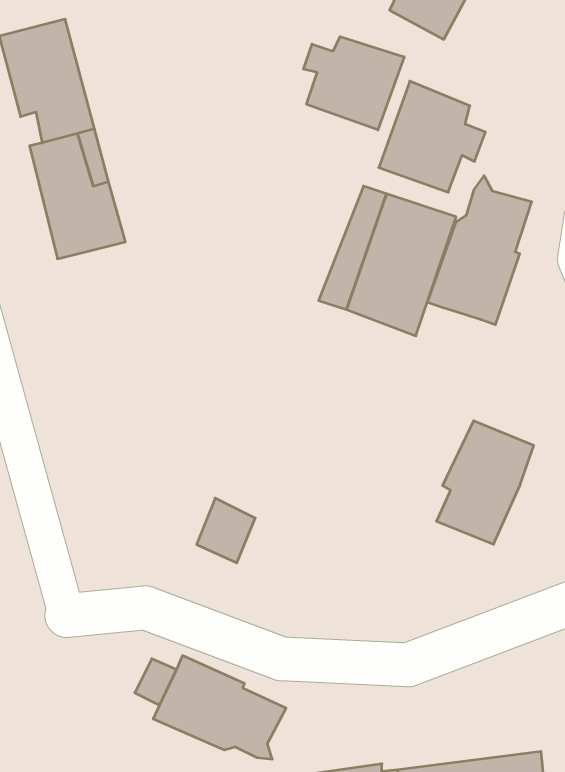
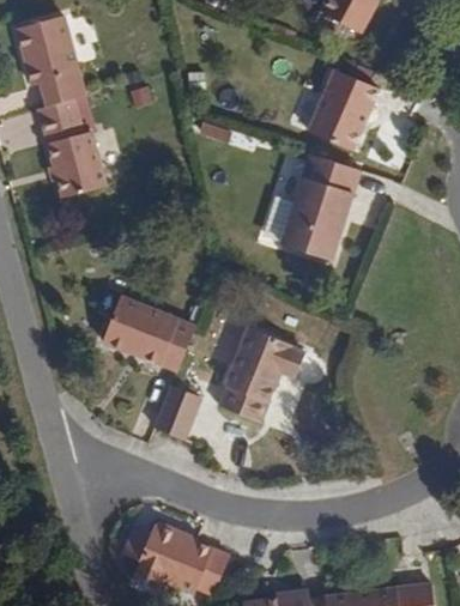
building: [303,37,404,130] -> none
building: [428,176,532,325] -> none
building: none -> [98,295,193,372]
building: [436,421,534,544] -> [222,323,297,419]

